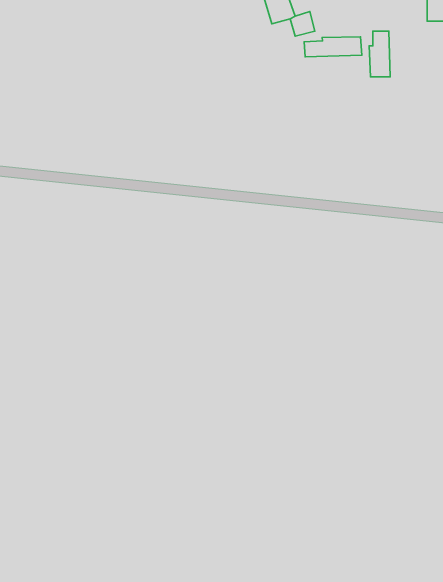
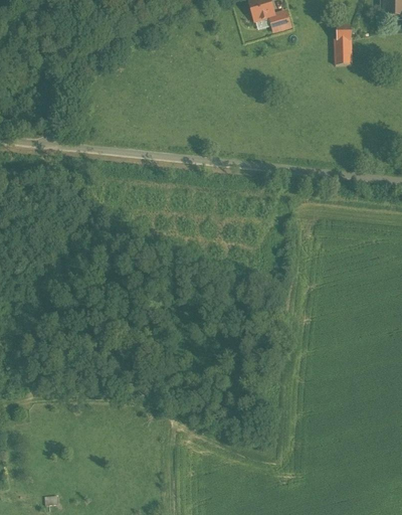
building: [304,37,362,57] -> none

